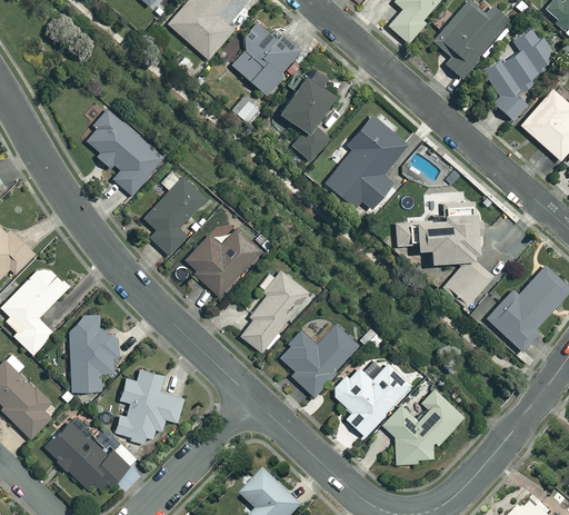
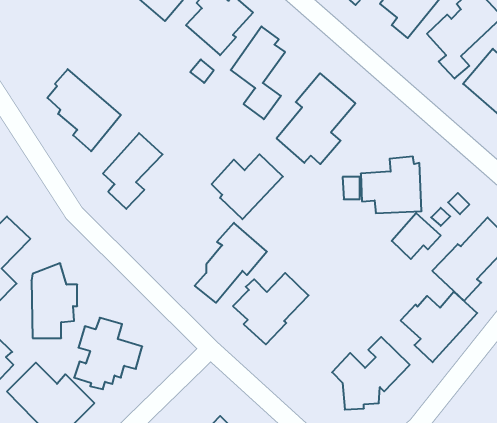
building: [186,229,260,297] -> [212,154,283,219]
building: [330,364,410,437] -> [401,292,477,362]

